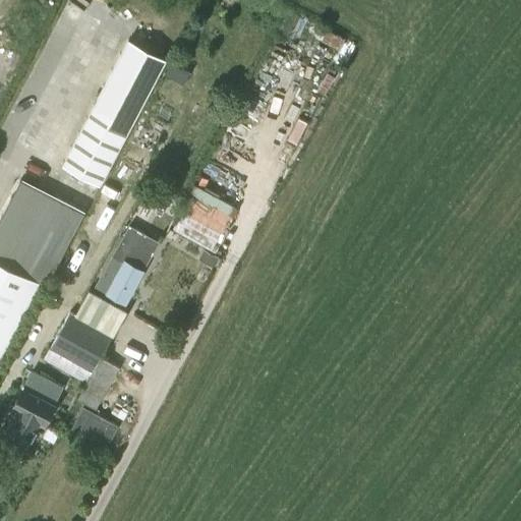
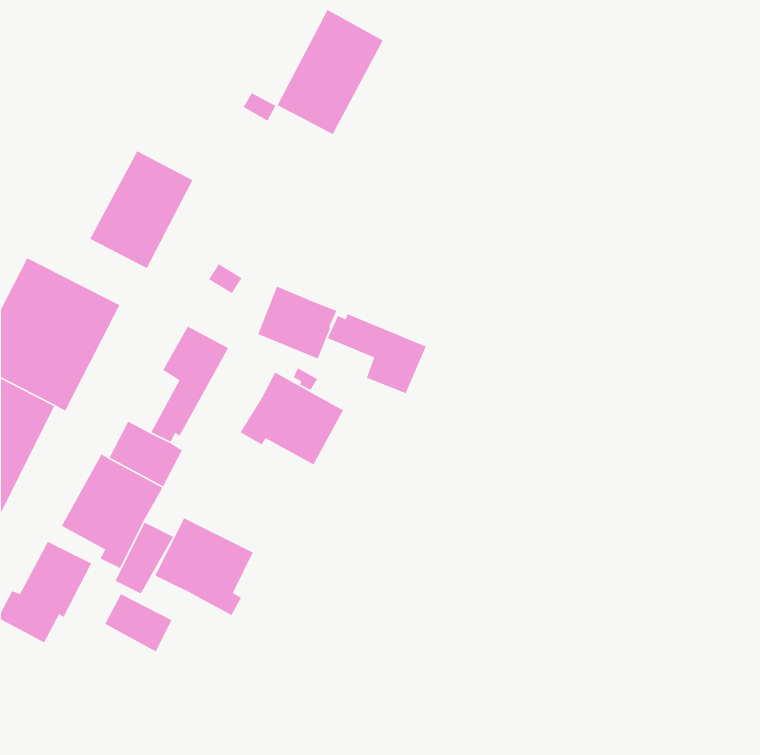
building: [94,40,167,126] -> [277,9,384,135]
building: none -> [327,313,427,394]
building: none -> [240,372,344,465]
building: none -> [154,517,254,616]

